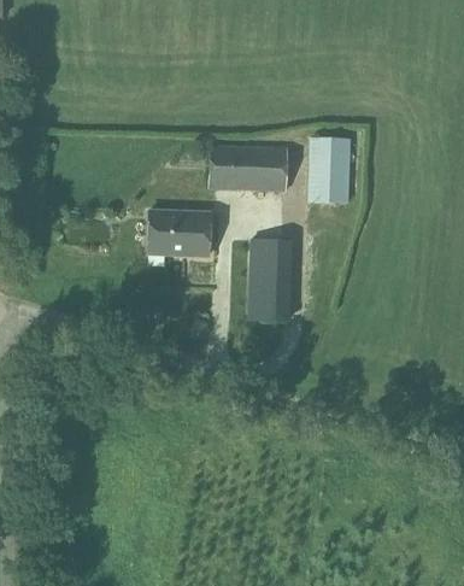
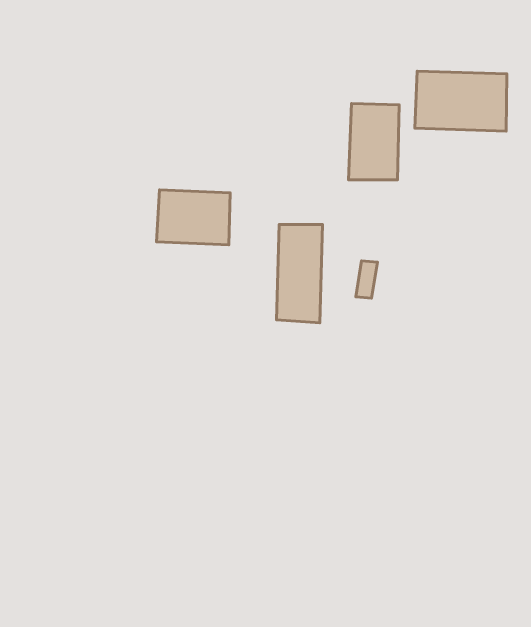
building: none -> [415,71,507,131]
building: [208,145,288,192] -> none

